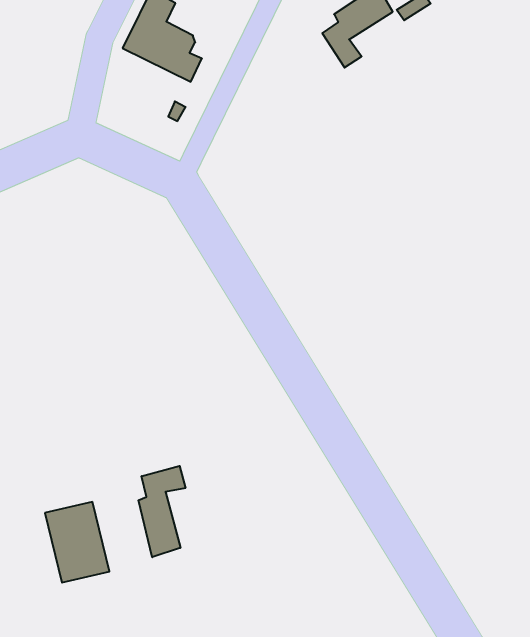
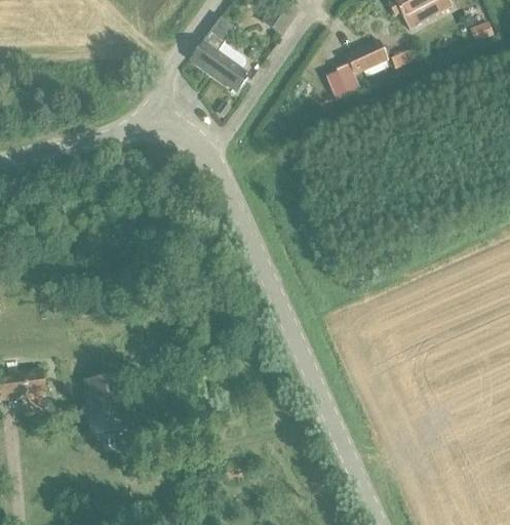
building: [138,466,185,557] -> none

